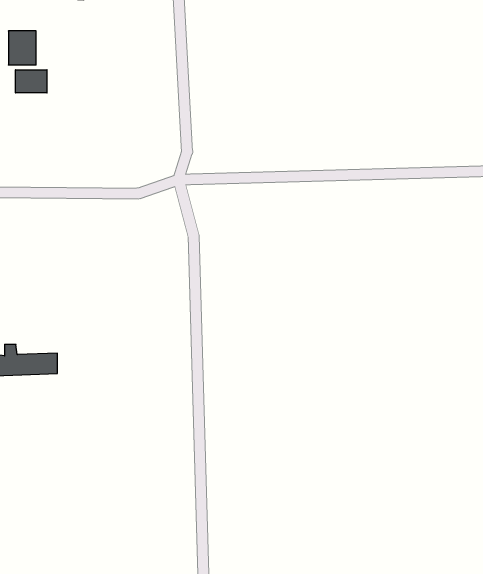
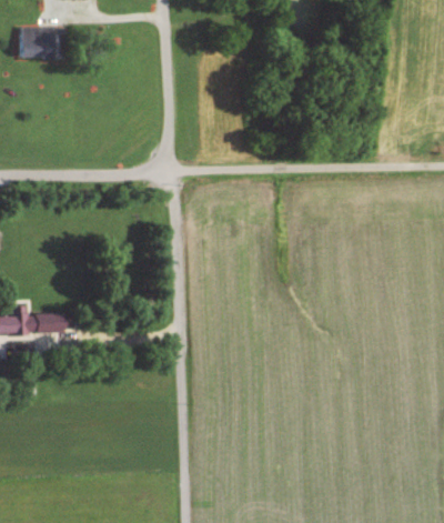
building: [16,70,47,93] -> none

